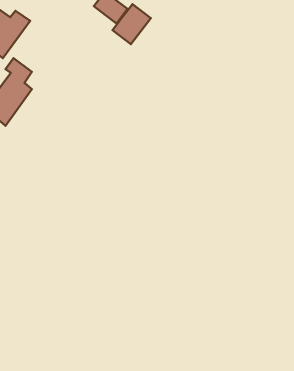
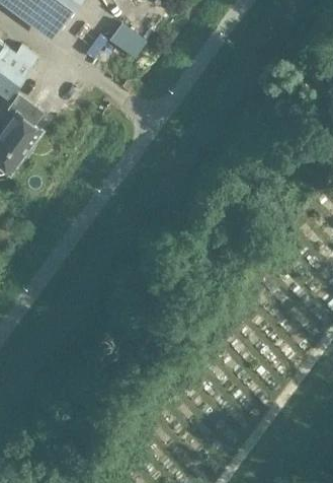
building: [113,4,151,44] -> none

